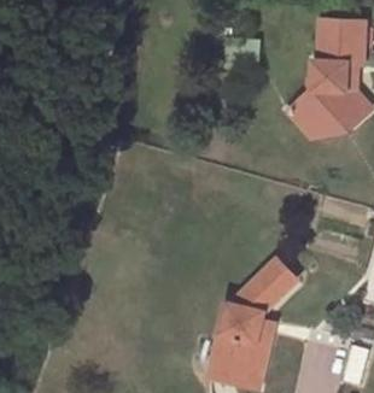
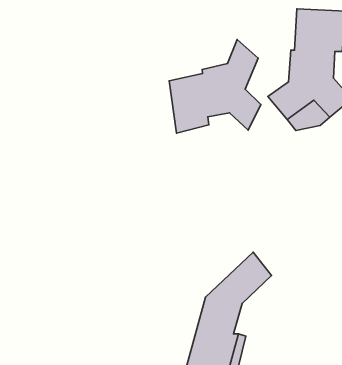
building: none -> [169,40,261,133]

